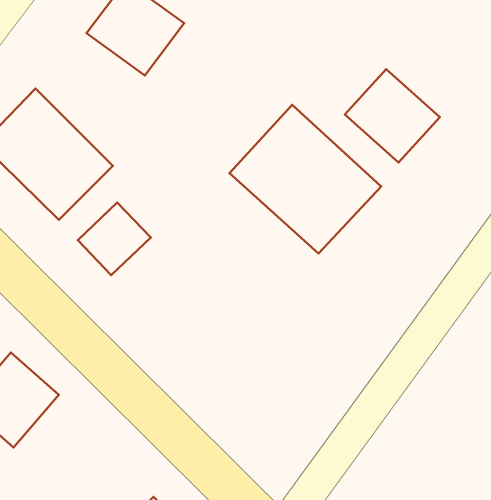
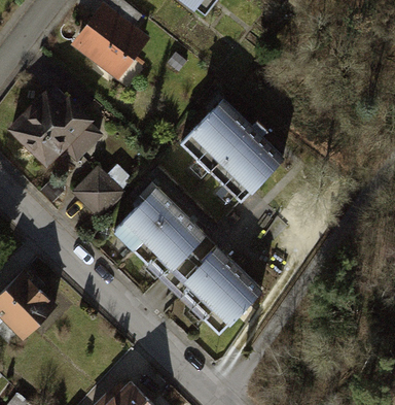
building: [345,69,440,162] -> none
building: none -> [111,185,207,280]
building: none -> [185,249,268,334]

